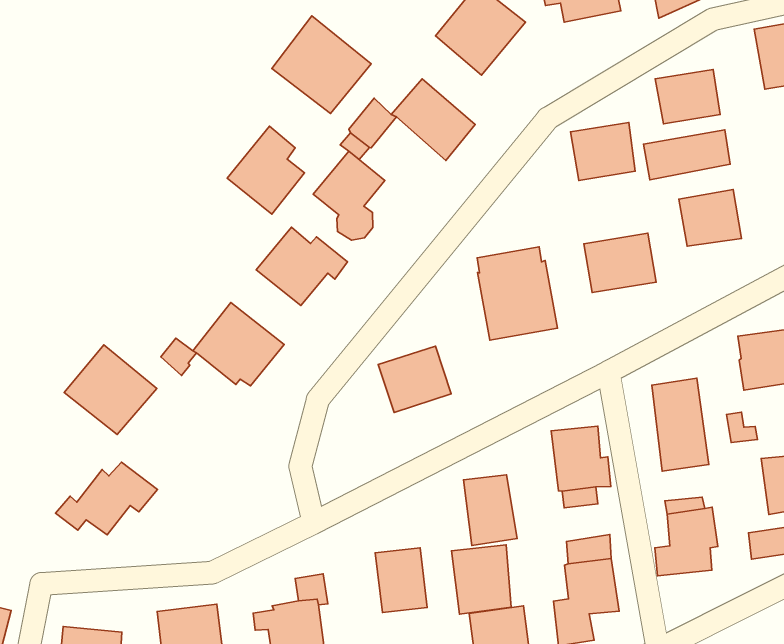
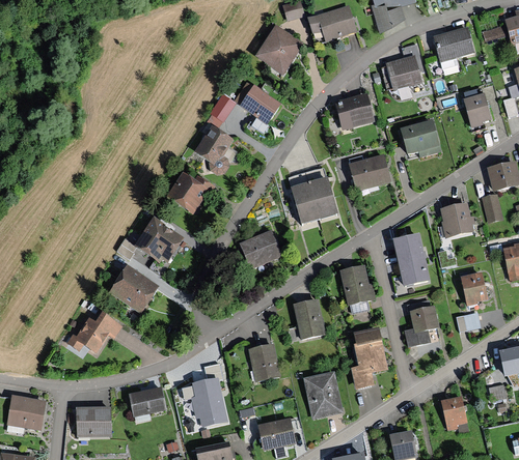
building: [272,16,371,113] -> none
building: [227,126,304,214] -> none
building: [644,130,730,180] -> none
building: [64,345,157,435] -> [109,263,161,313]
building: [452,545,511,614] -> none

